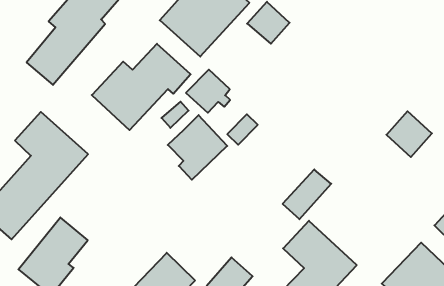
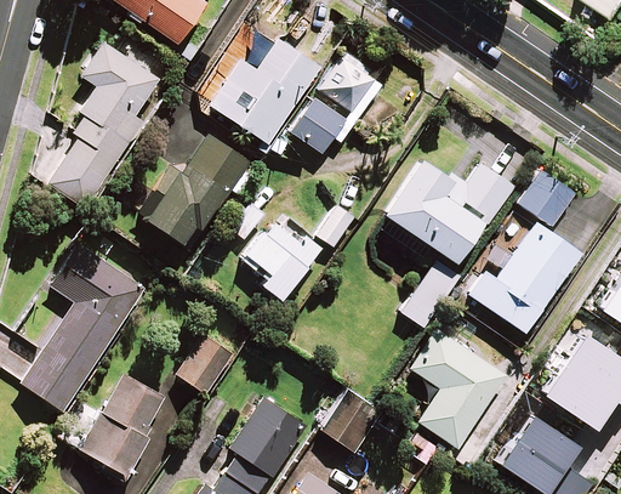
building: [186,70,230,113] -> [290,98,347,153]
building: none -> [382,159,514,261]
building: none -> [467,222,579,331]
building: none -> [176,334,233,393]

